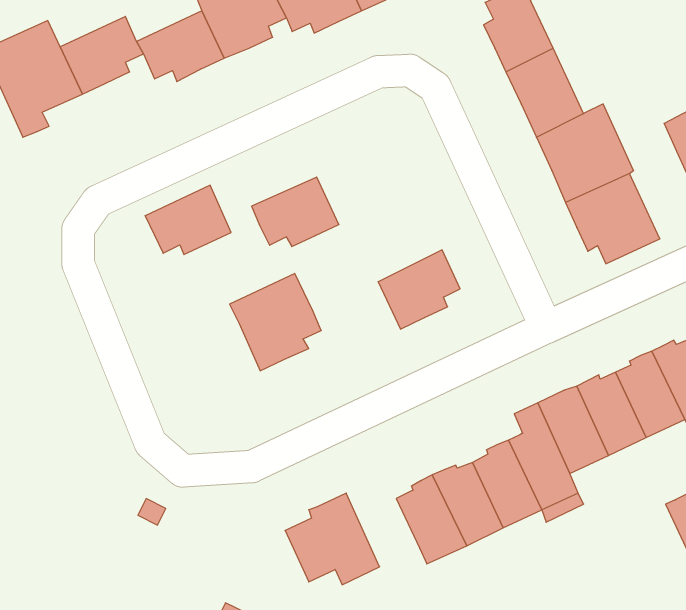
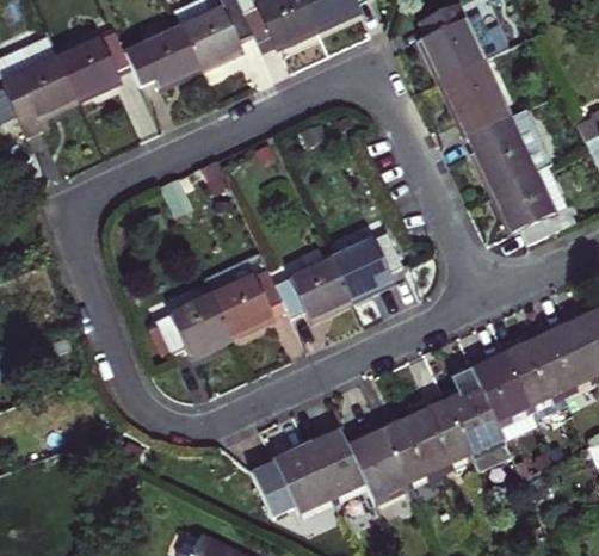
building: [252,177,339,247] -> [276,260,351,320]
building: [145,185,231,255] -> [156,296,230,356]
building: none -> [304,430,368,505]

